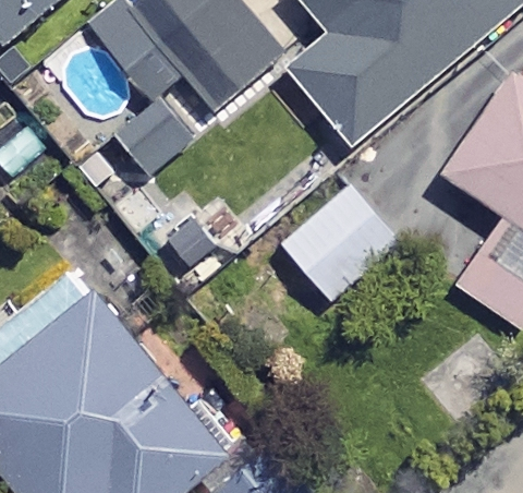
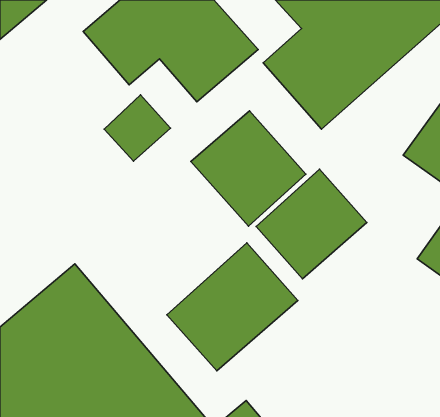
building: none -> [191,111,306,226]
building: none -> [167,243,298,371]

